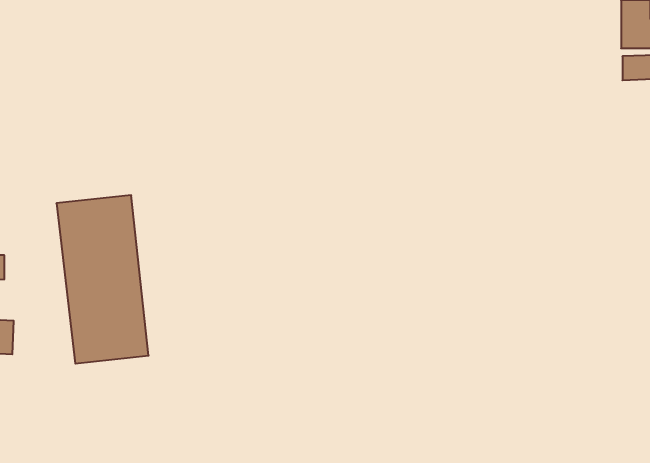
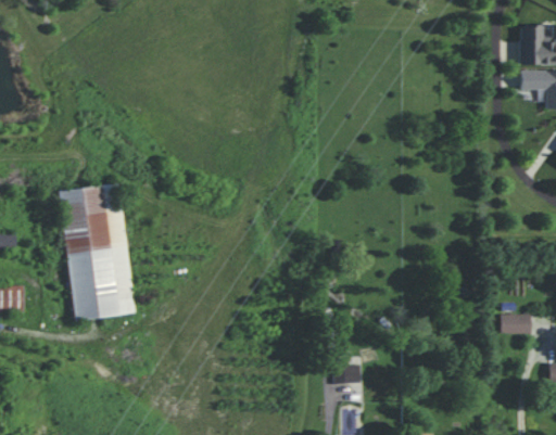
building: none -> [500,314,530,333]
building: none -> [332,363,362,384]

